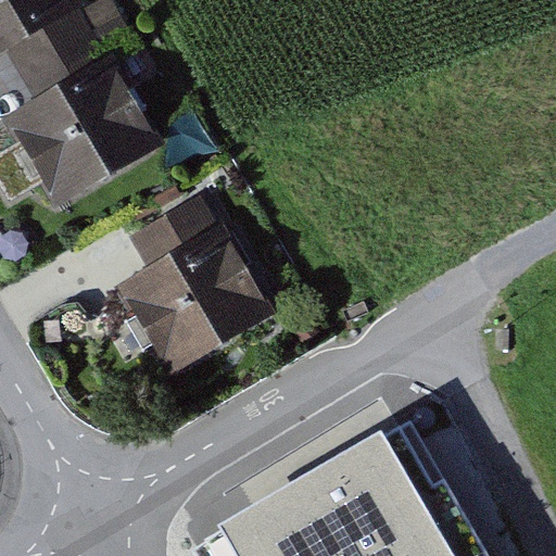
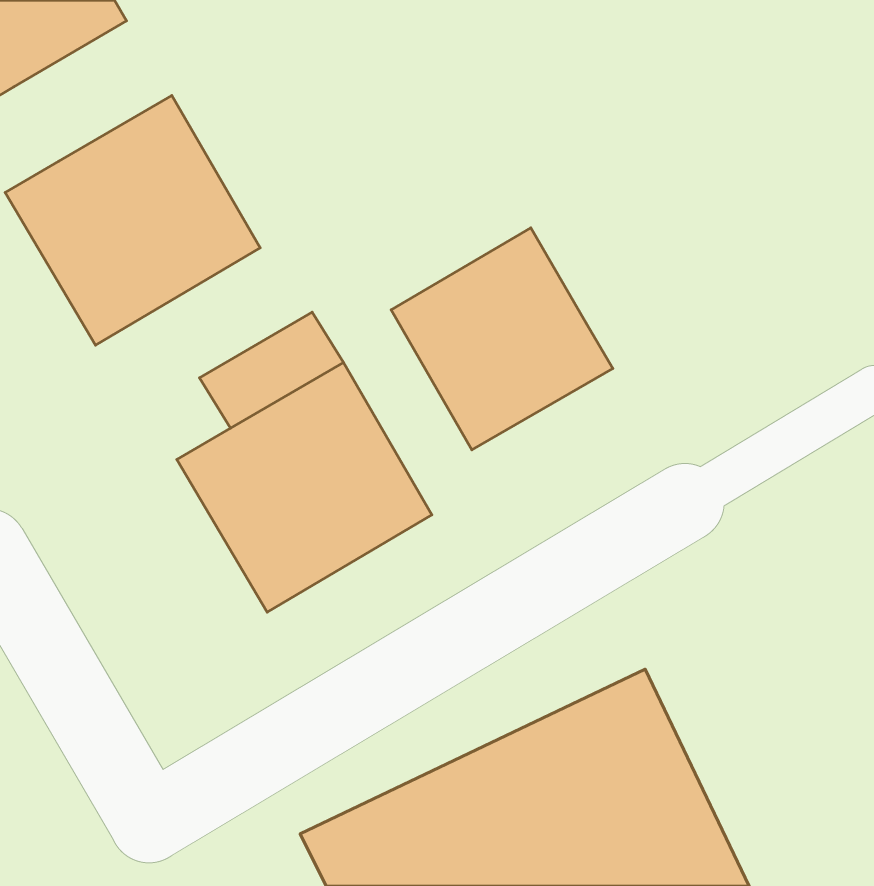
building: [9,13,108,101] -> none
building: none -> [391,228,613,450]

